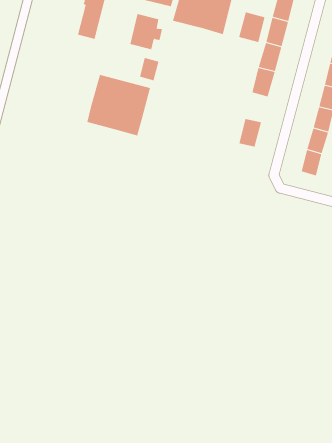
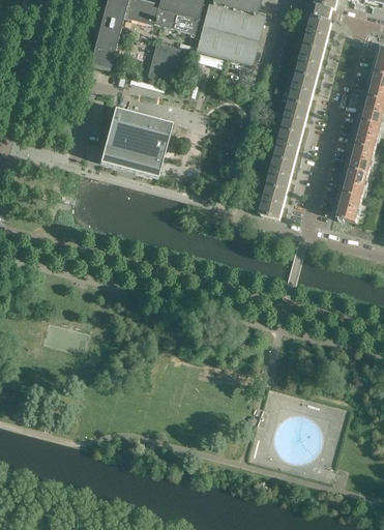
building: [239,12,265,43] -> none
building: [139,57,159,81] -> none
building: none -> [275,127,301,160]
building: none -> [261,184,287,217]

